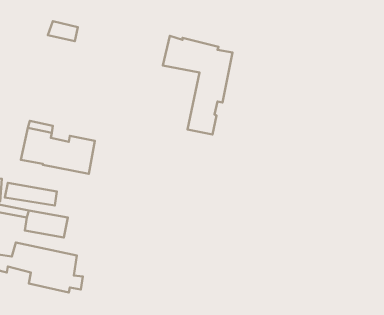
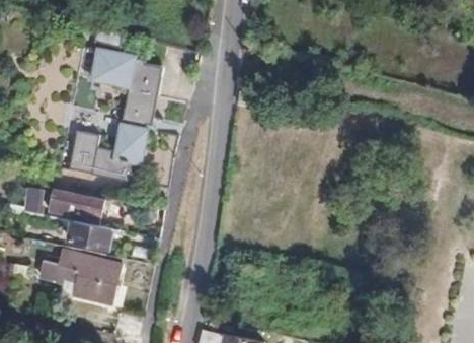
building: [163,36,233,134] -> [91,48,162,148]

